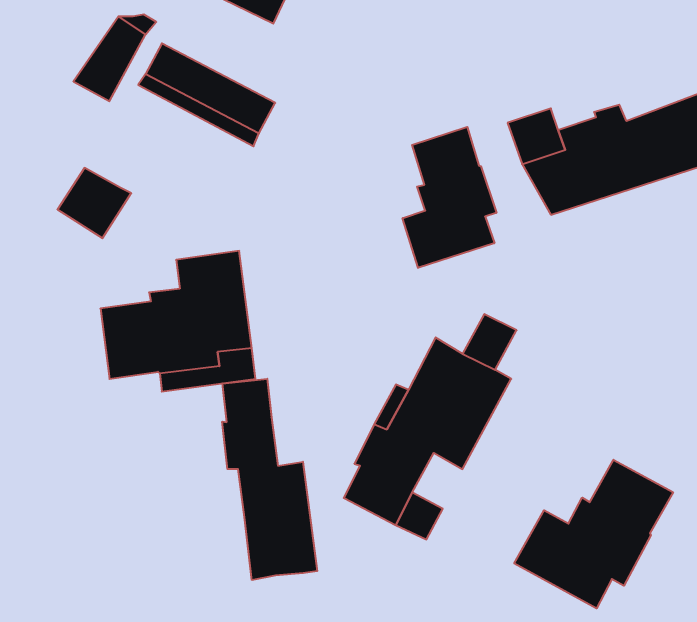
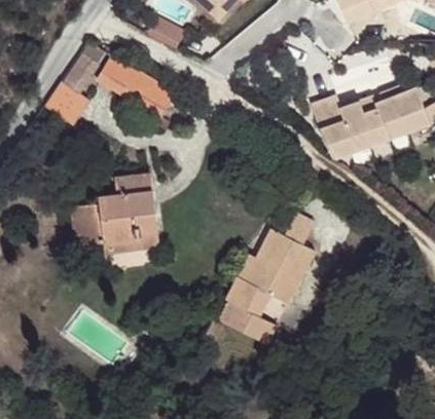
building: [403,127,496,268] -> none
building: [57,168,131,238] -> [47,81,89,121]
building: [222,379,317,580] -> none
building: [514,460,673,608] -> none

